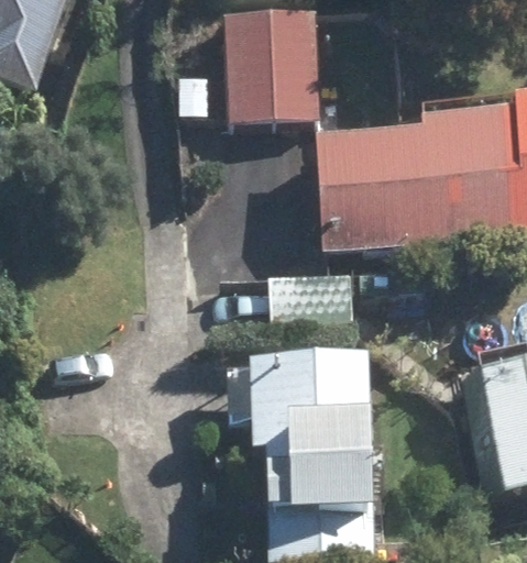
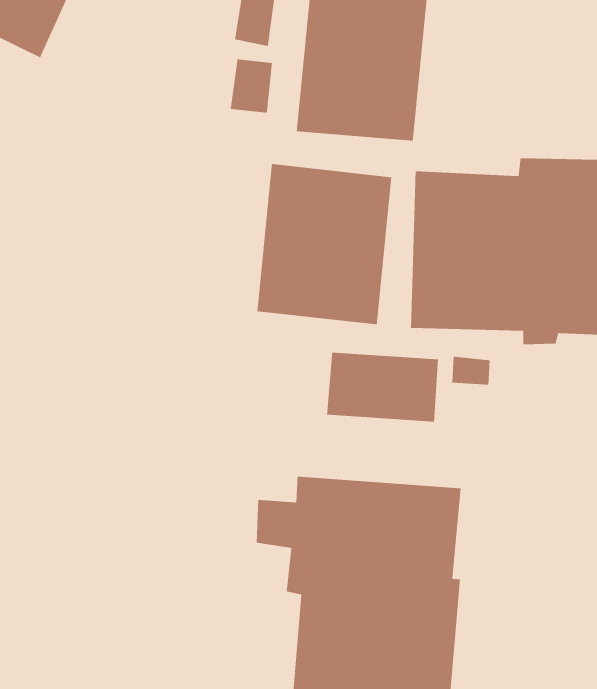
building: none -> [257,163,392,325]

